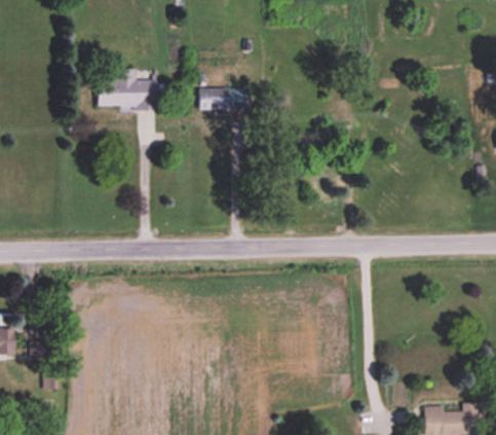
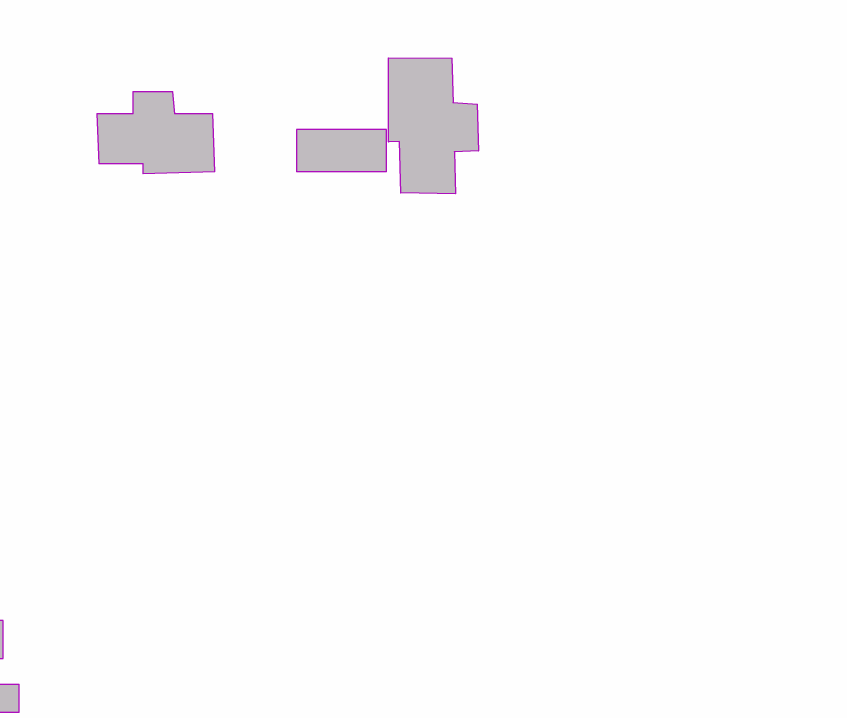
building: none -> [389,58,478,194]

